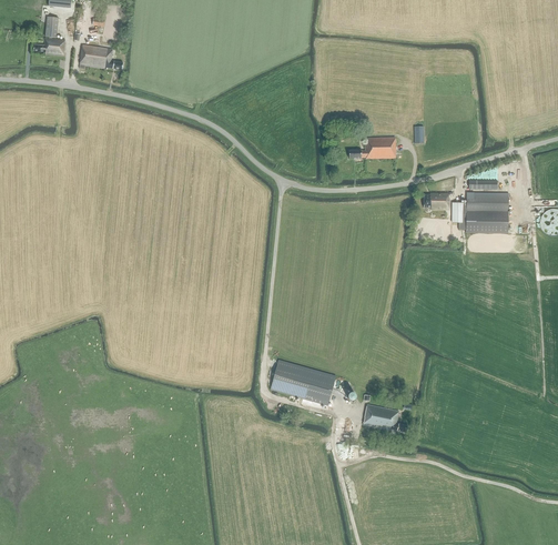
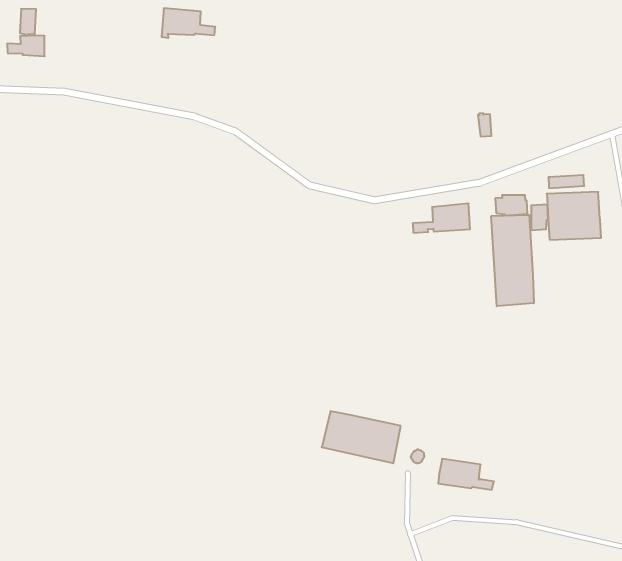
building: [79,44,123,69] -> [162,8,215,38]
building: [348,137,395,158] -> [413,203,470,233]
building: none -> [491,215,534,306]

